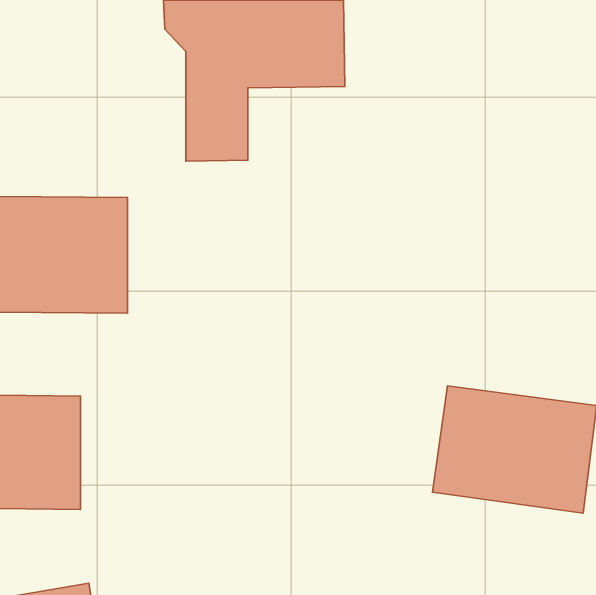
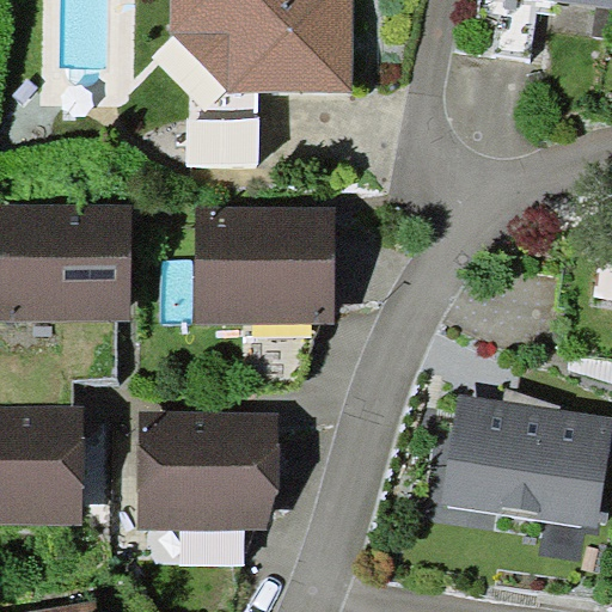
building: none -> [195,208,335,324]
building: none -> [137,414,277,531]

